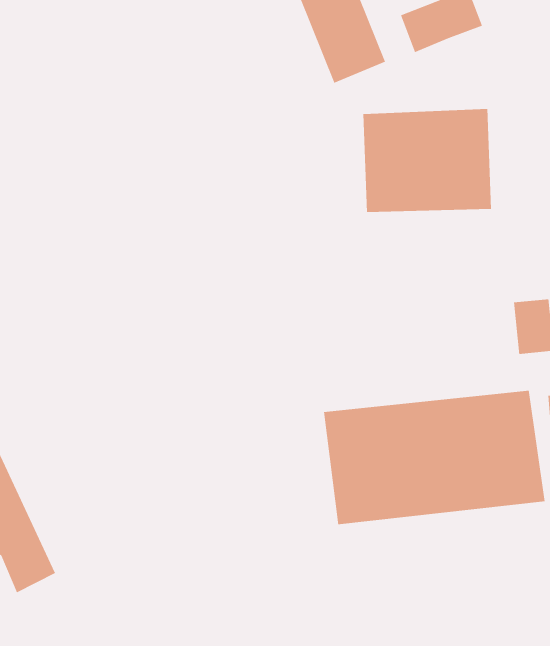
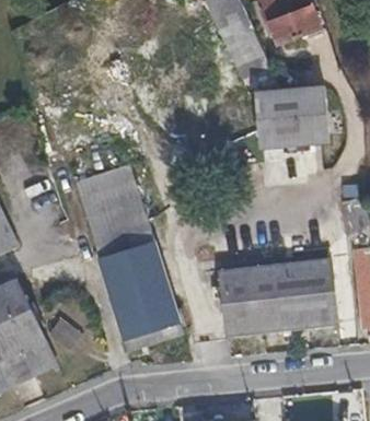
building: none -> [78,166,182,349]

